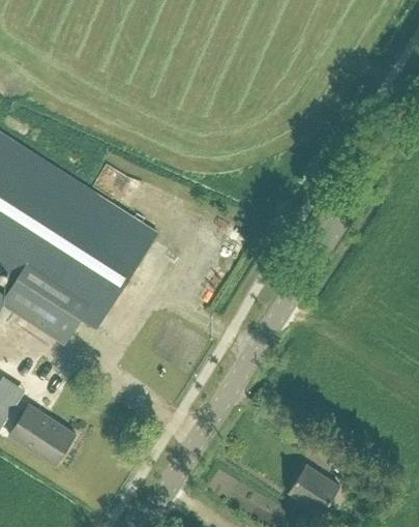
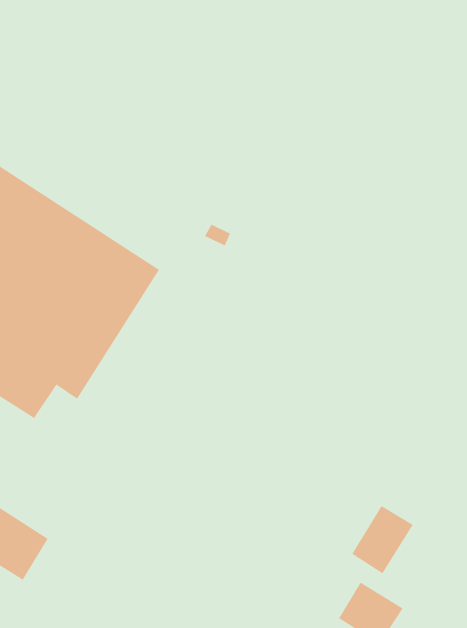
building: none -> [352,505,413,574]

